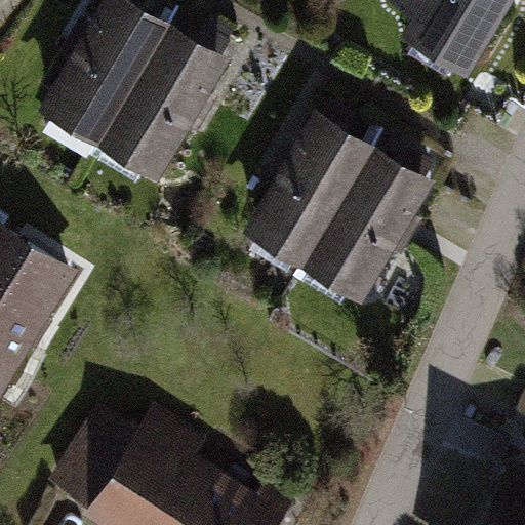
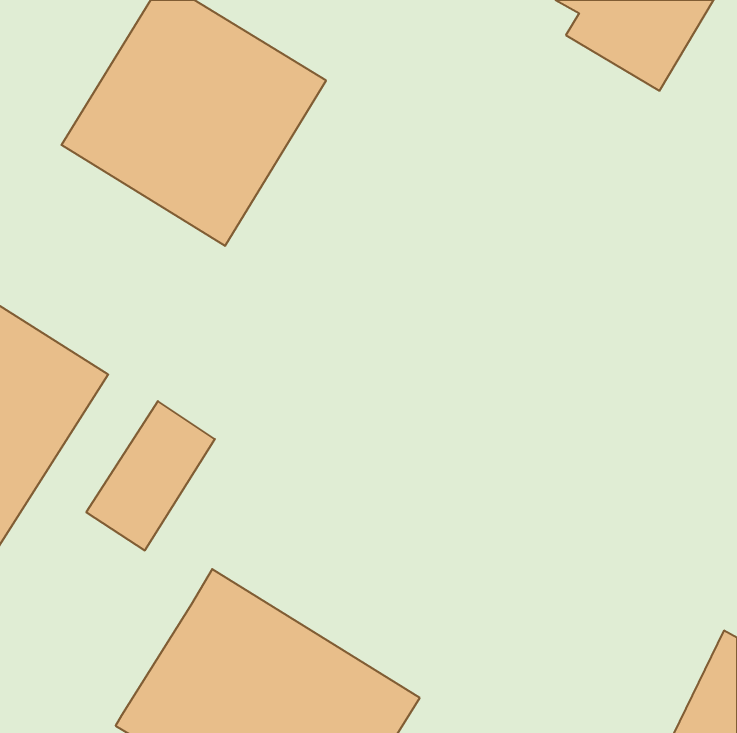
building: [244,115,430,300] -> none
building: [44,407,134,512] -> [86,401,215,550]

